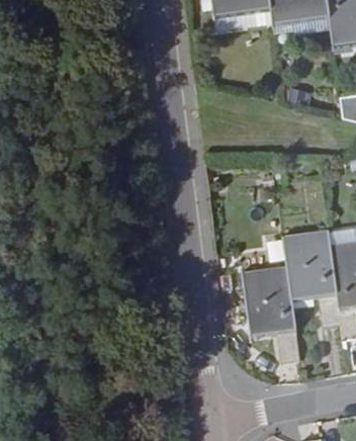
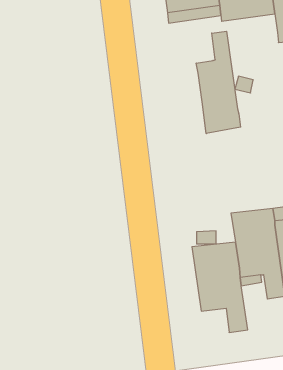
building: none -> [196,31,241,134]

